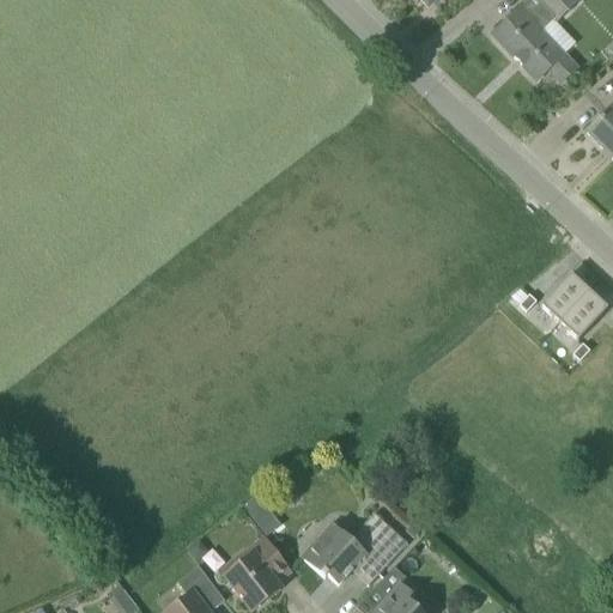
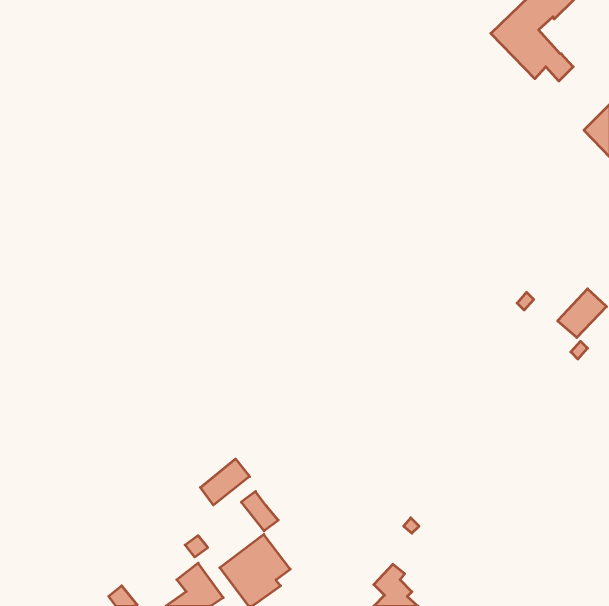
building: [541,272,590,322] -> none
building: none -> [200,459,250,505]
building: [302,512,408,584] -> none

